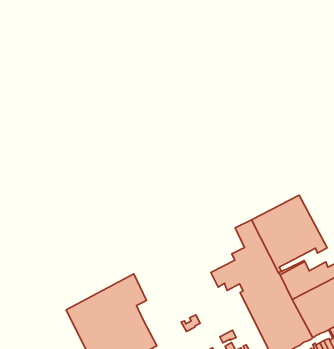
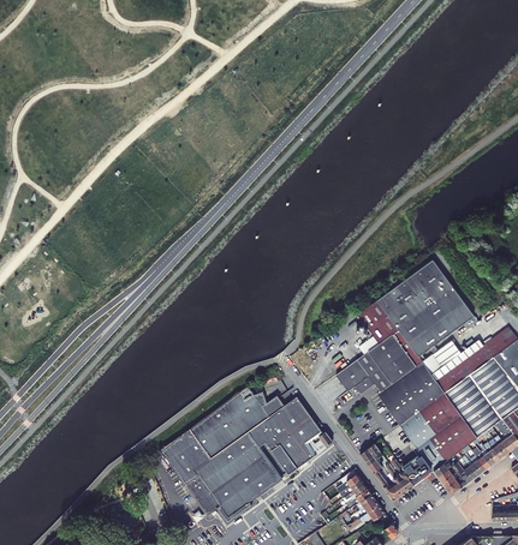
building: none -> [239,385,321,471]

